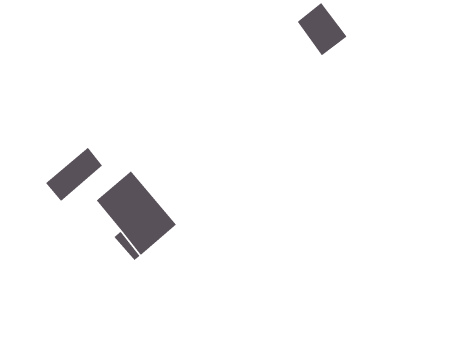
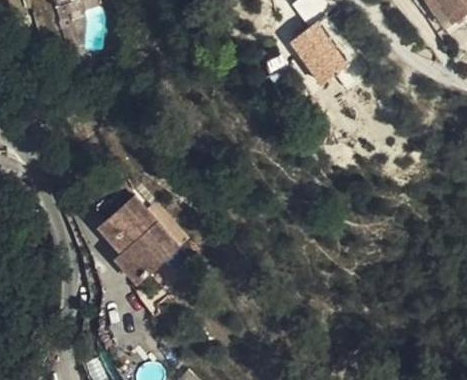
building: [45,147,103,202] -> none

